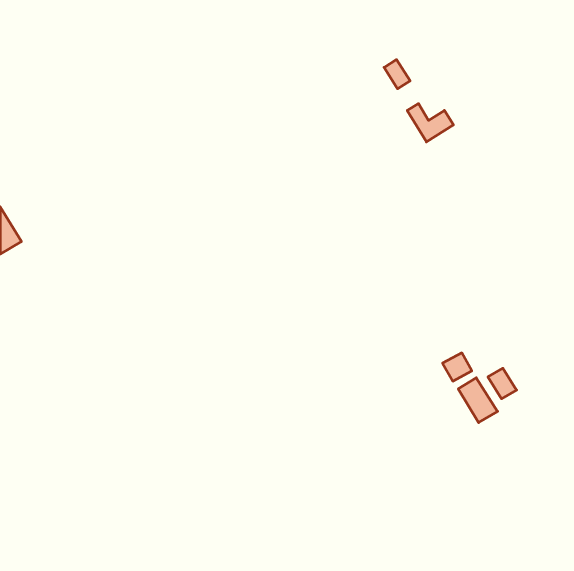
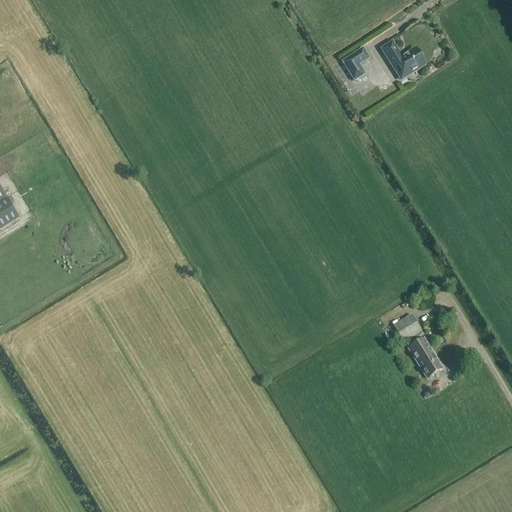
building: [407,104,453,142] -> [382,41,423,75]
building: [488,368,517,399] -> none

